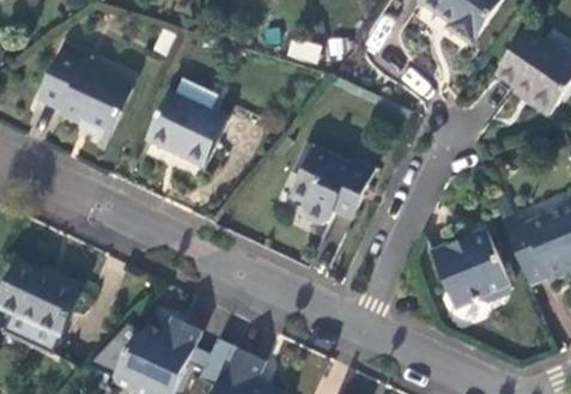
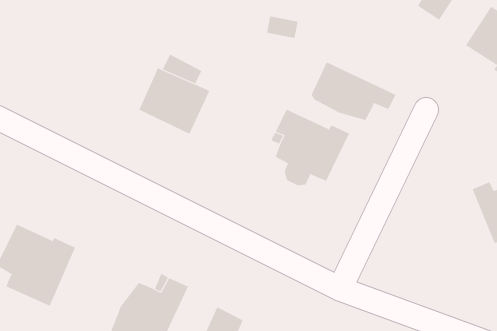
building: [36,43,129,146] -> none
building: none -> [311,62,396,121]
building: [429,226,509,304] -> none

